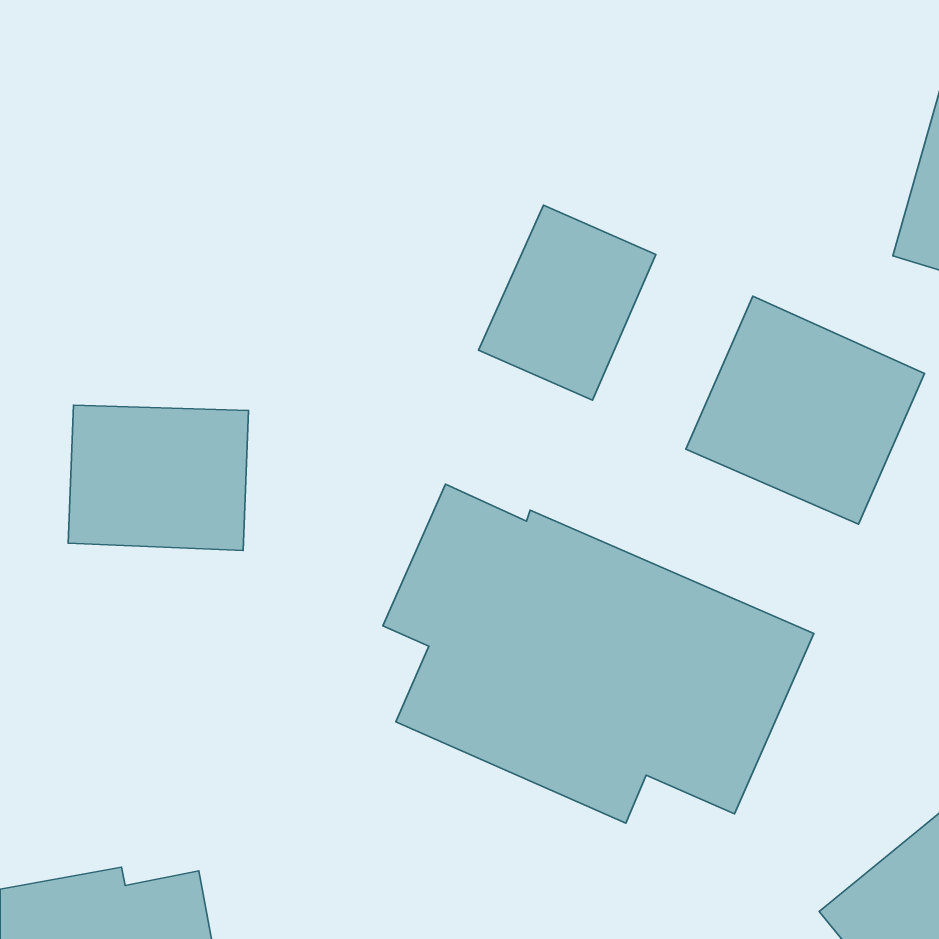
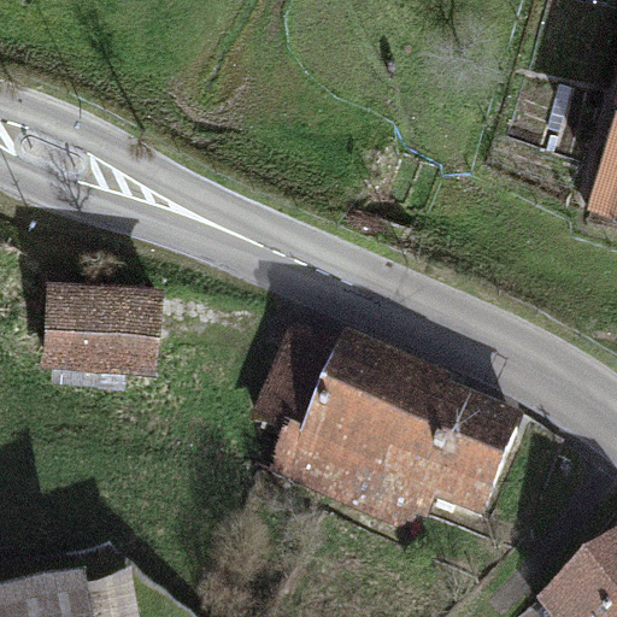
building: [478,205,656,400] -> none
building: [686,296,924,524] -> none

